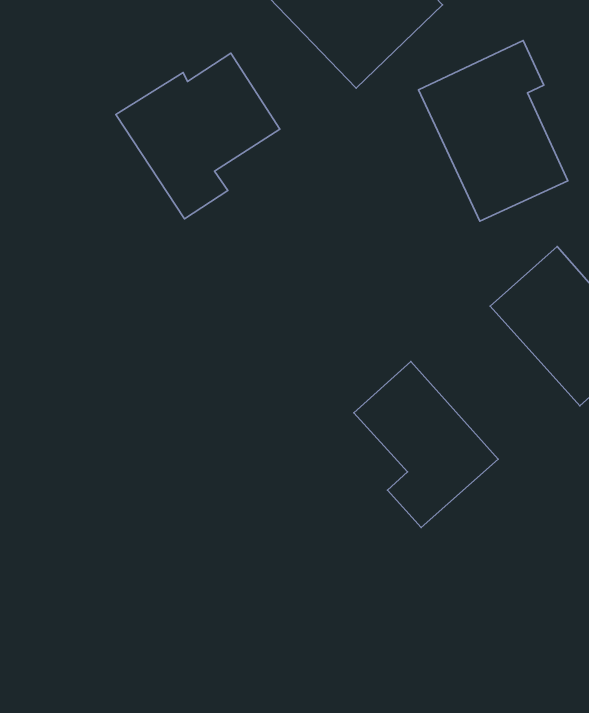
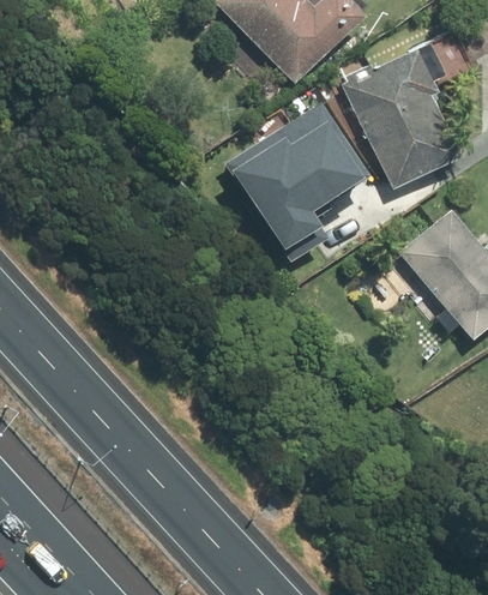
building: [116,53,280,219] -> [229,116,361,250]
building: [354,361,498,528] -> none

